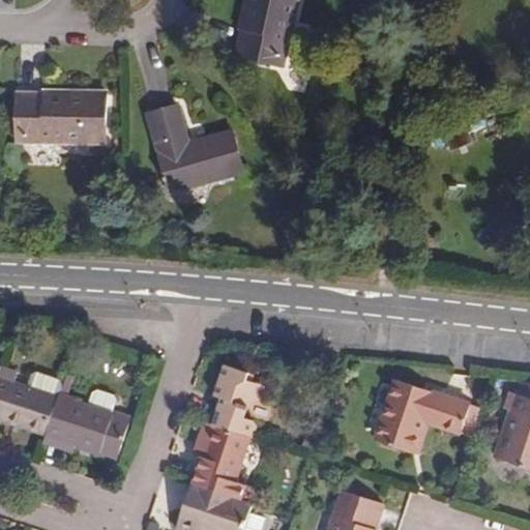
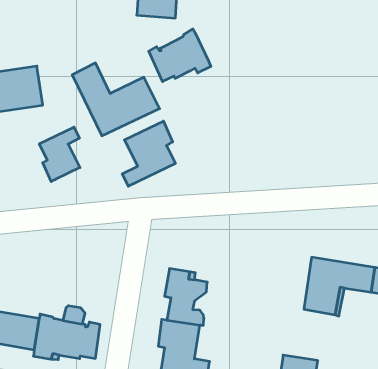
building: none -> [149,29,211,82]
building: none -> [39,127,80,182]
building: none -> [122,121,175,186]

